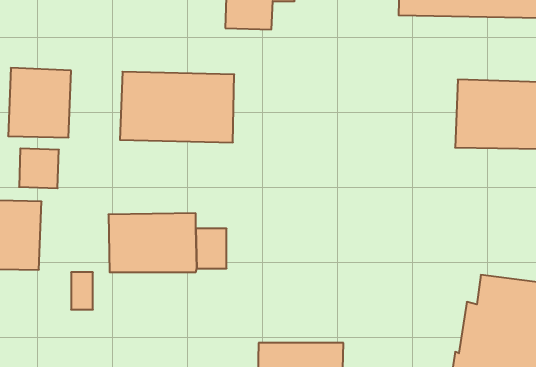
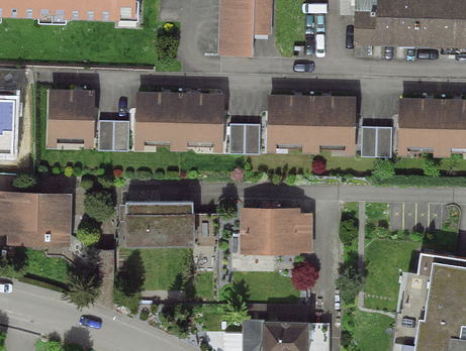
building: none -> [267,94,357,149]
building: none -> [229,123,260,153]
building: none -> [361,126,392,157]
building: [19,148,59,188] -> [98,120,129,151]
building: none -> [240,207,312,255]

